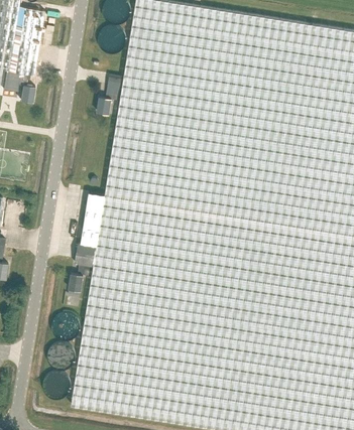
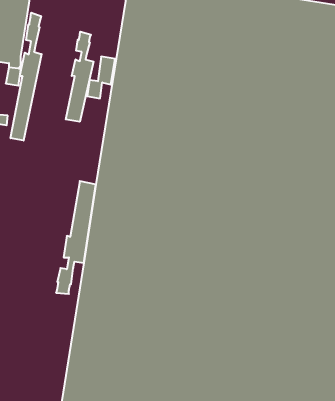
building: none -> [11,13,42,141]
building: none -> [66,32,94,122]

